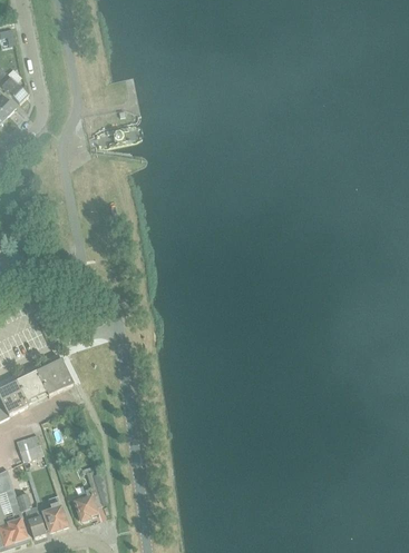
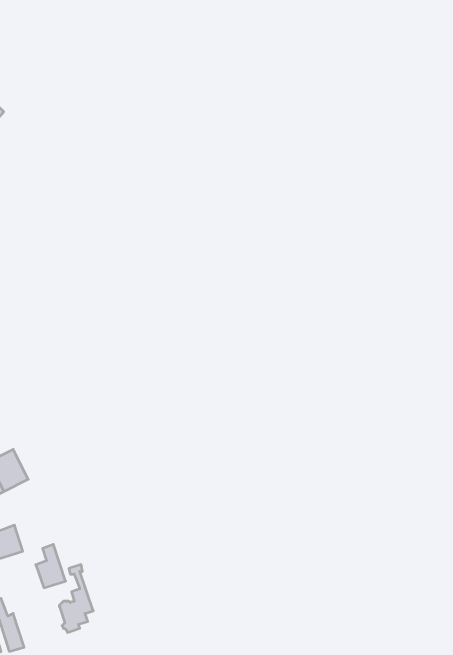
building: [36,358,74,395] -> none
building: [42,495,67,531] -> [36,544,66,588]

